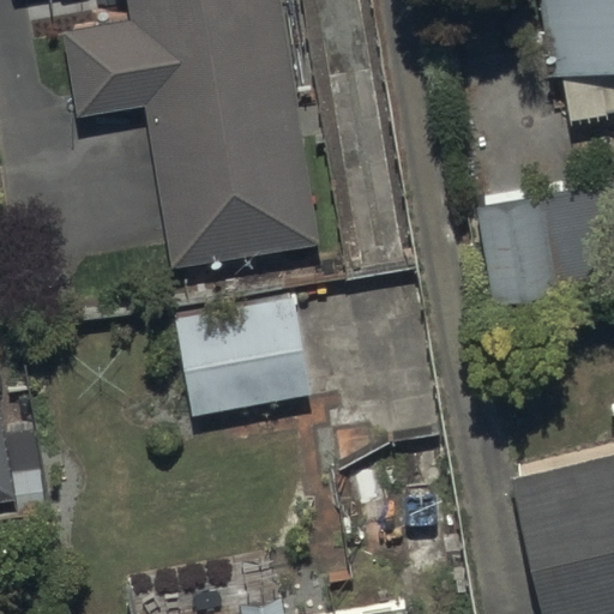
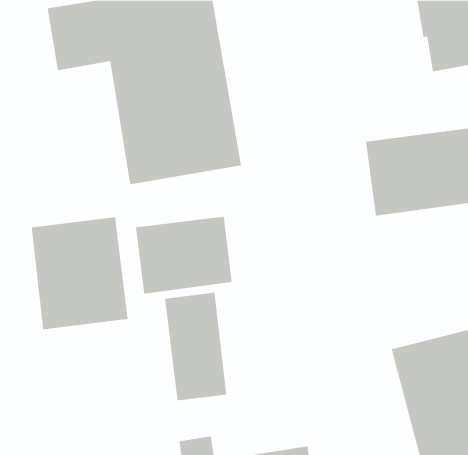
building: none -> [31,216,128,330]
building: none -> [164,292,227,401]

